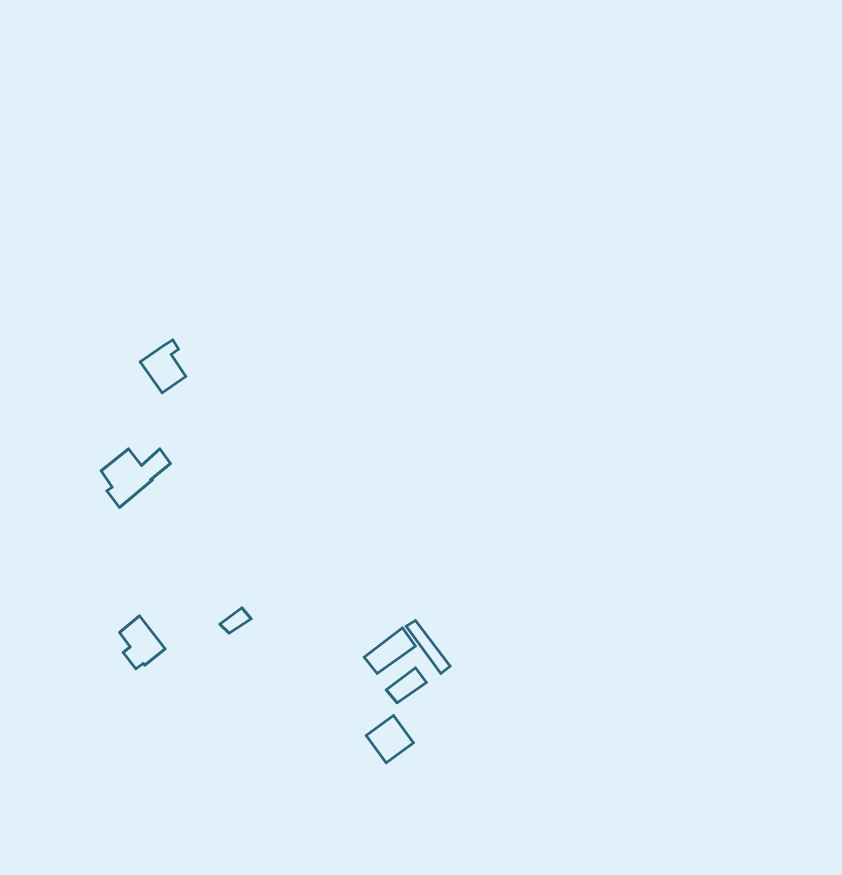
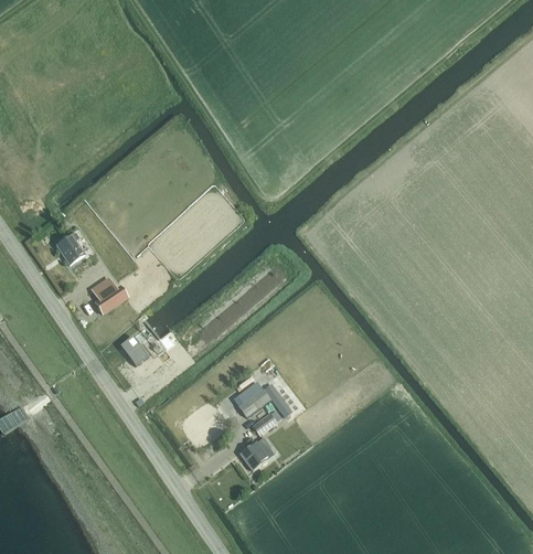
building: [140,340,186,393] -> [57,231,85,263]
building: [119,616,165,669] -> [121,334,149,366]

